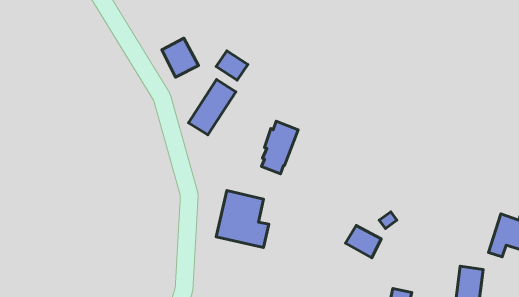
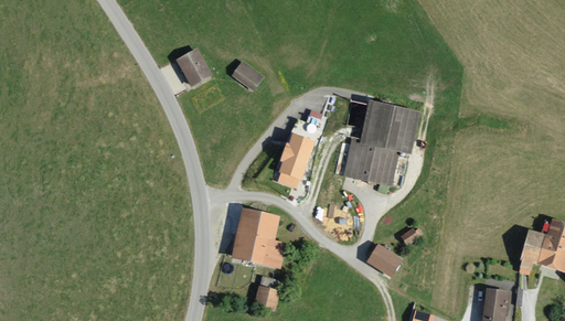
building: [188,79,236,135] -> none
building: none -> [342,103,419,185]
building: none -> [252,283,279,310]

